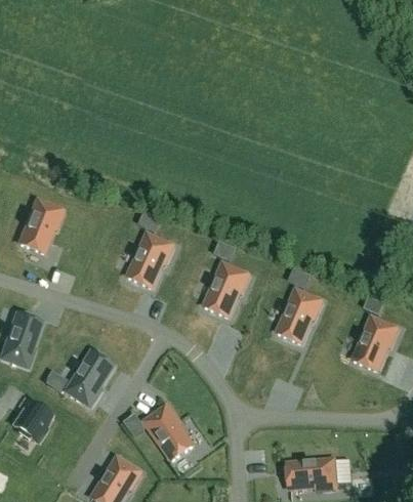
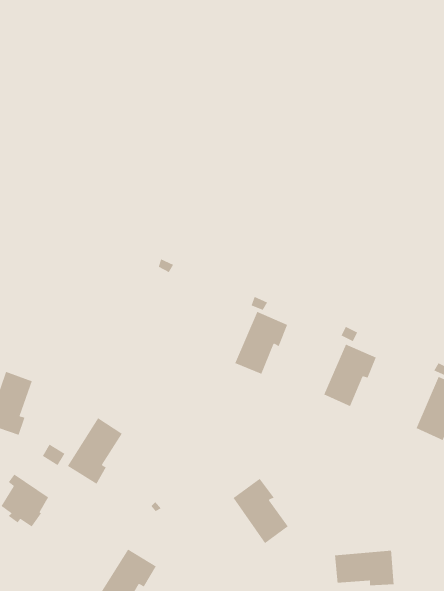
building: [19,198,63,250] -> none
building: [127,233,172,286] -> none
building: [144,404,191,458] -> [232,478,289,544]

